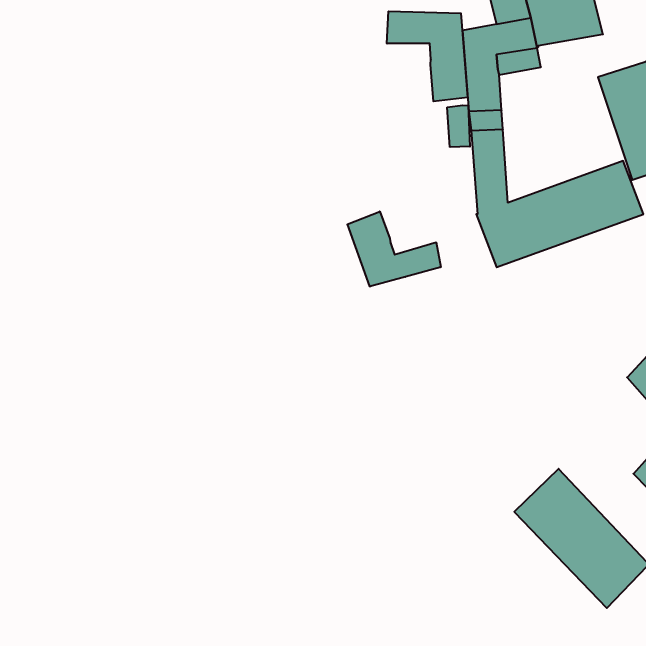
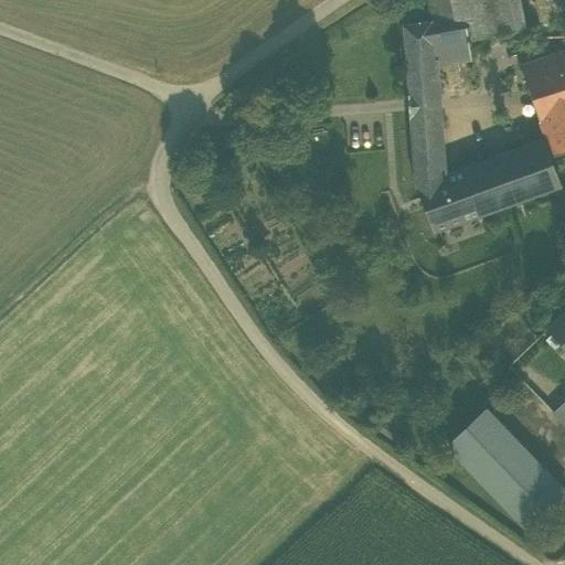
building: [387,11,468,101] -> none
building: [447,105,470,147] -> none
building: [347,211,441,287] -> none

